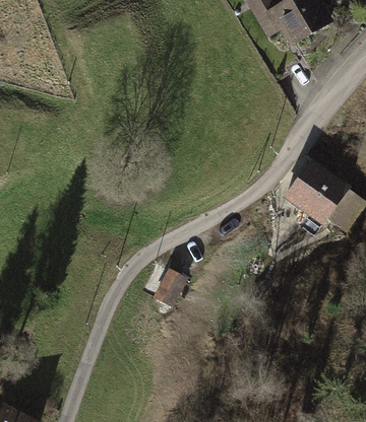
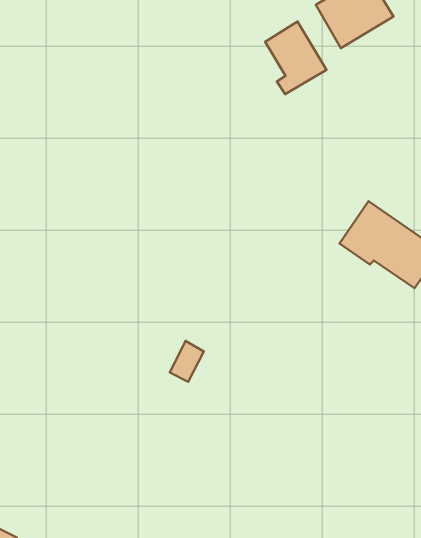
building: none -> [265,22,326,94]

